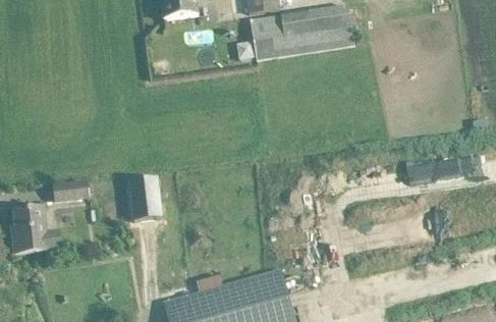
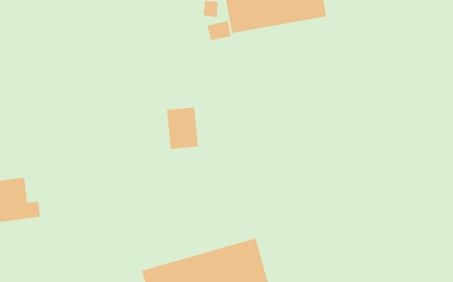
building: [129,177,163,221] -> [166,107,199,150]
building: [54,181,88,202] -> none

